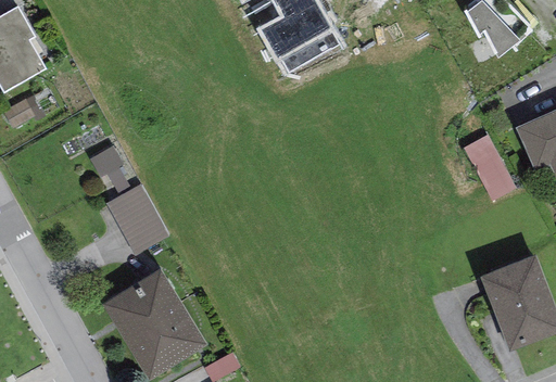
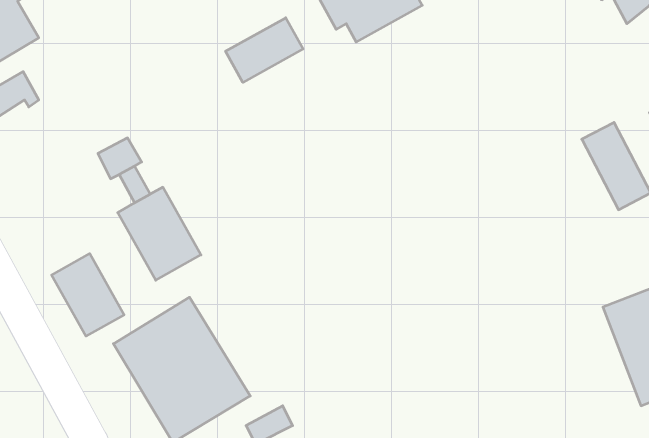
building: none -> [226,18,303,82]
building: none -> [52,254,124,336]

